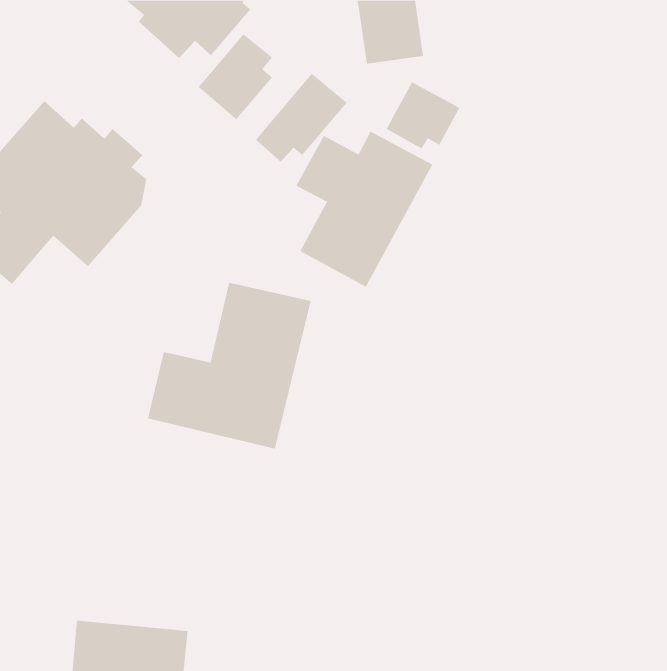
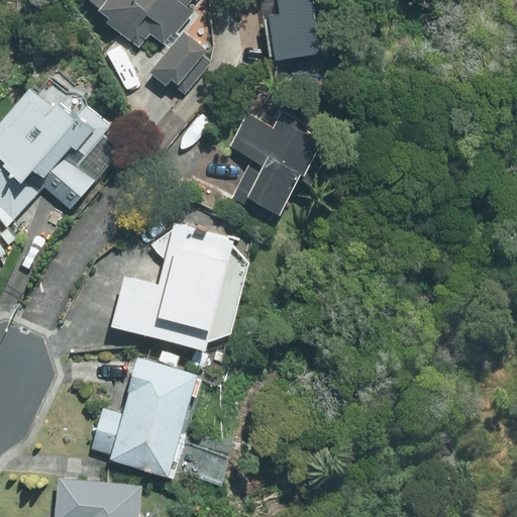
building: [255,73,347,163] -> none
building: [386,81,460,149] -> none
building: none -> [86,356,199,476]

